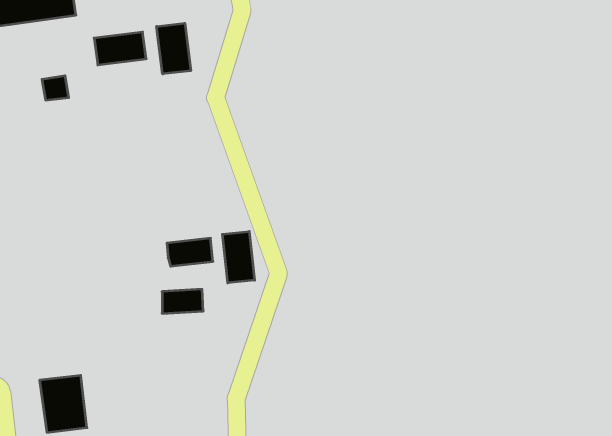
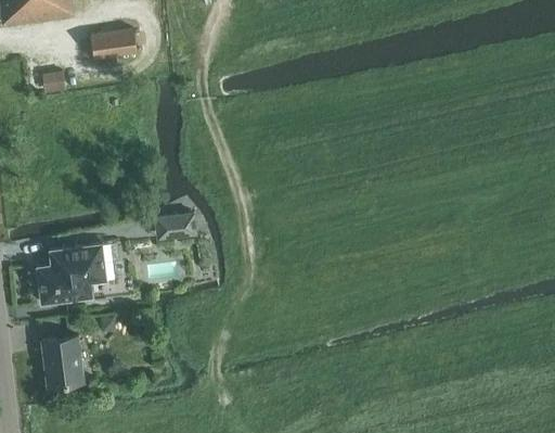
building: [157,23,191,74] -> none
building: [222,231,255,283] -> none
building: none -> [37,244,106,304]

